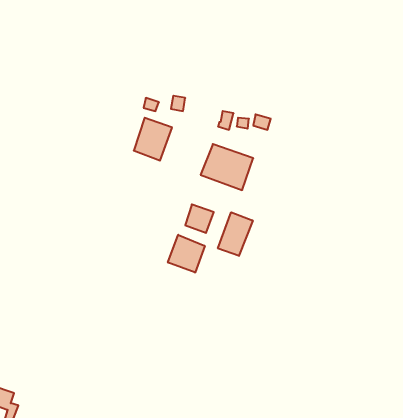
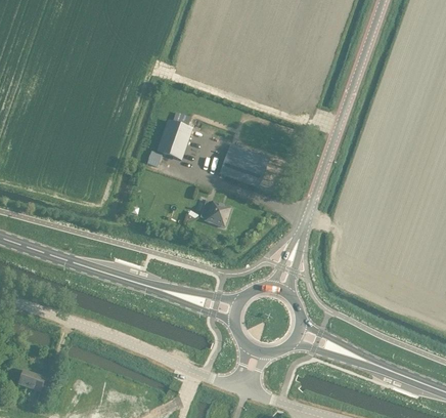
building: [218,212,253,256] -> none
building: [168,235,205,273] -> none

